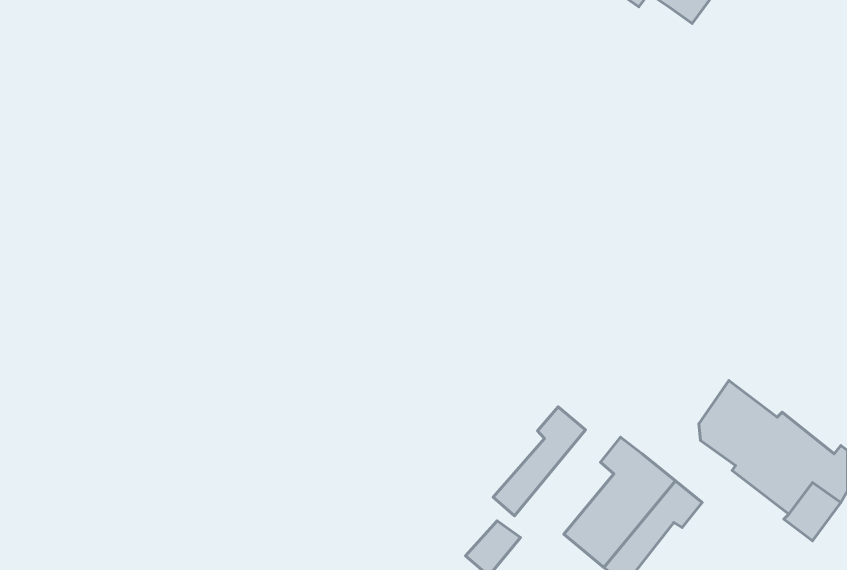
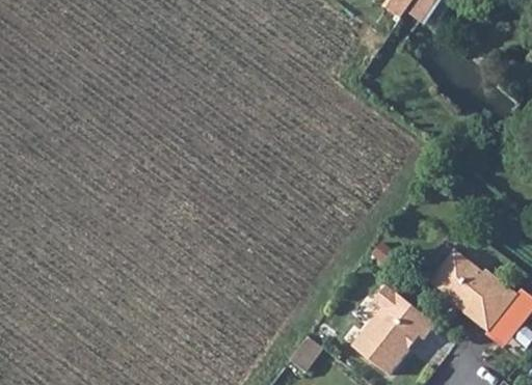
building: [493,407,586,516] -> none

